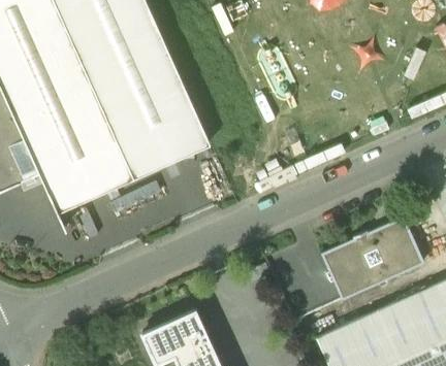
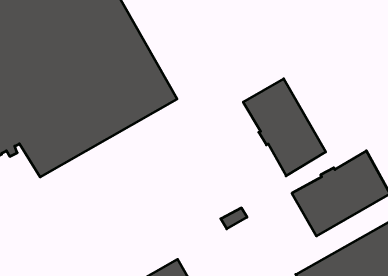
building: none -> [243,79,326,176]

